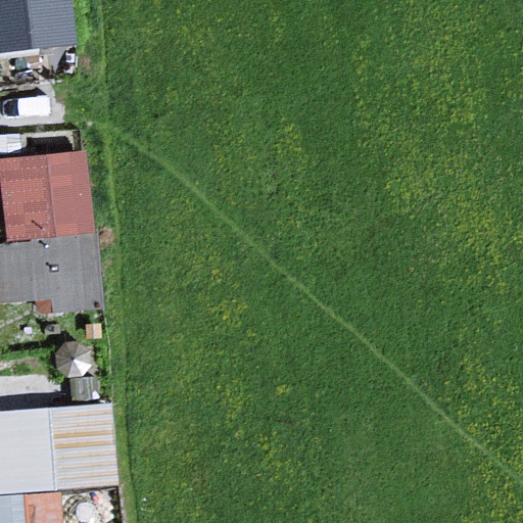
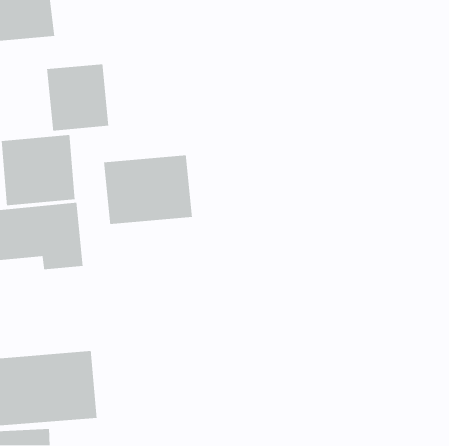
building: none -> [46,64,109,131]
building: none -> [103,154,193,225]

